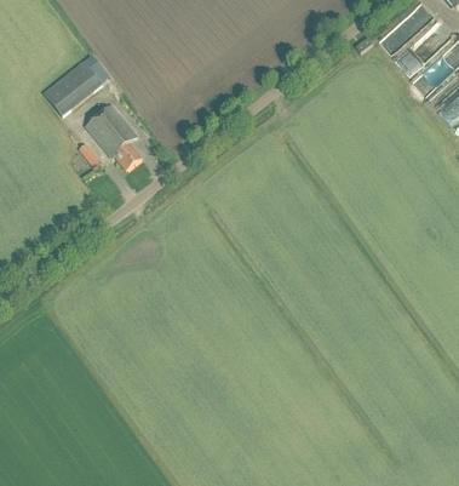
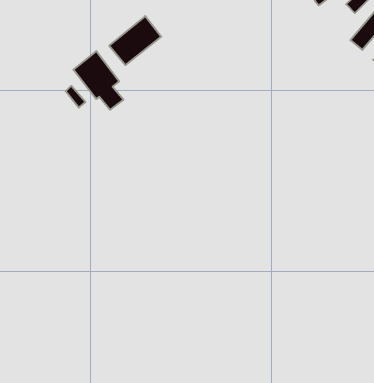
building: [45,61,103,115] -> [109,16,161,65]

